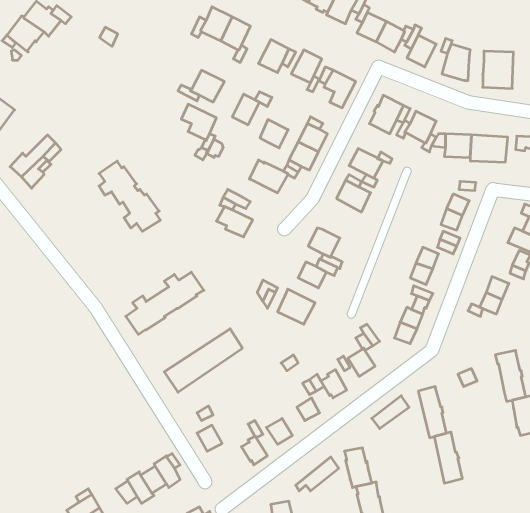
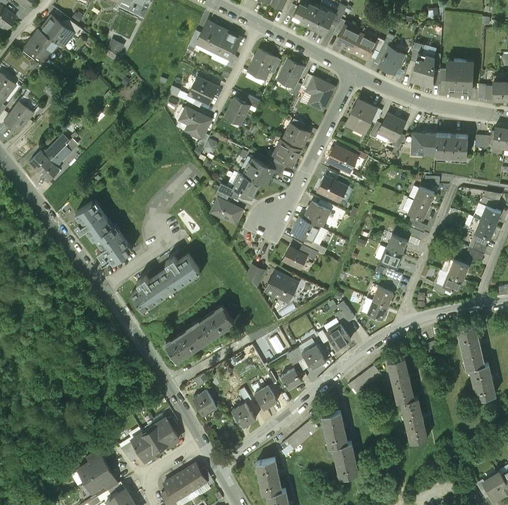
building: [260,120,288,148] -> [233,174,258,199]
building: [99,161,160,231] -> [75,201,129,263]
building: none -> [303,202,329,227]

